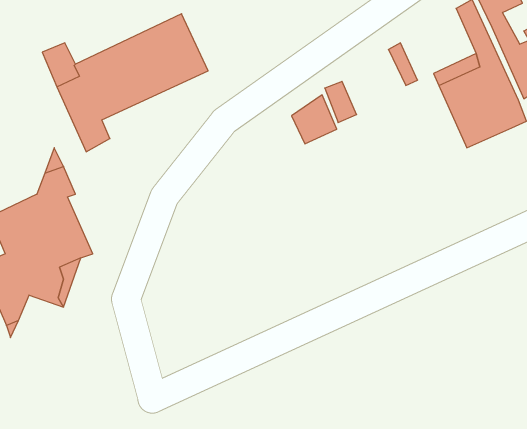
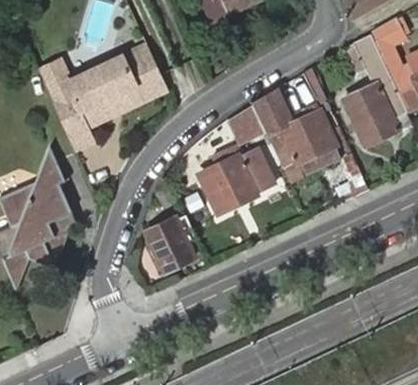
building: none -> [271,113,338,165]
building: none -> [200,147,274,213]
building: none -> [146,217,194,271]

